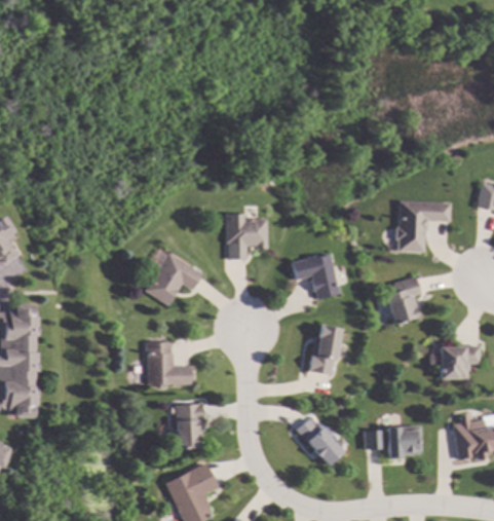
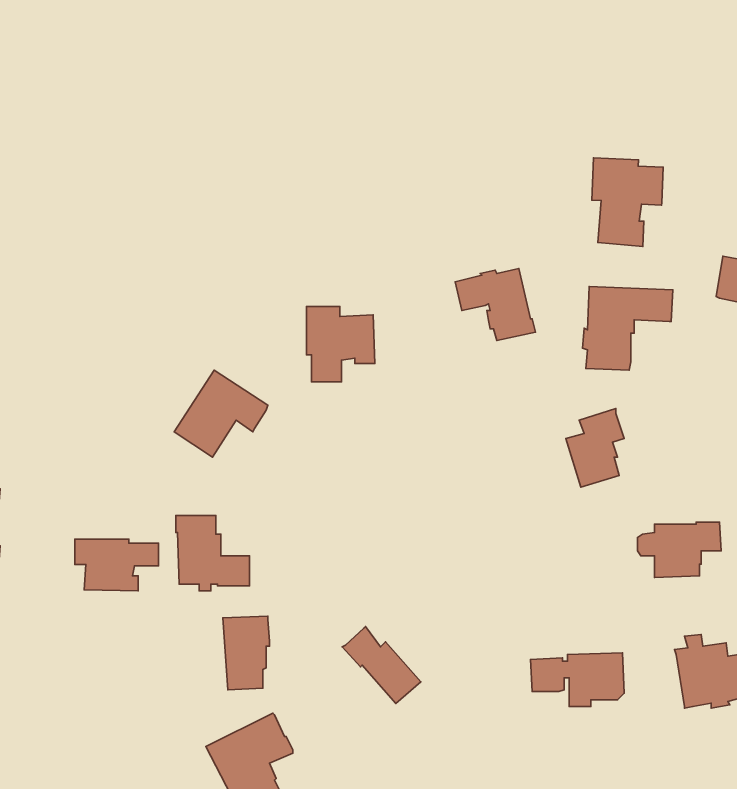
building: none -> [592,158,663,247]
building: [292,254,341,298] -> [455,269,535,340]
building: [308,325,341,375] -> none
building: none -> [75,539,159,591]
building: [295,417,343,464] -> [342,627,421,704]

